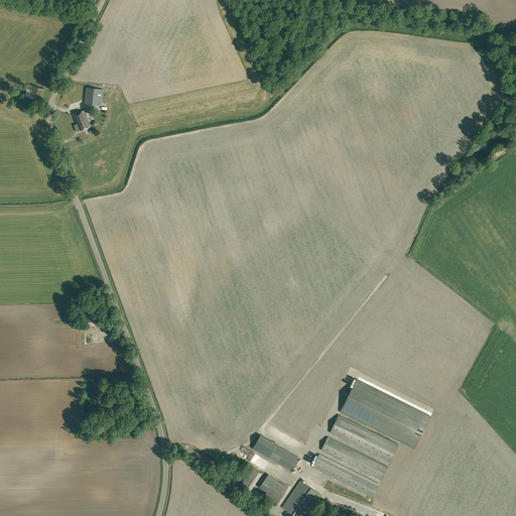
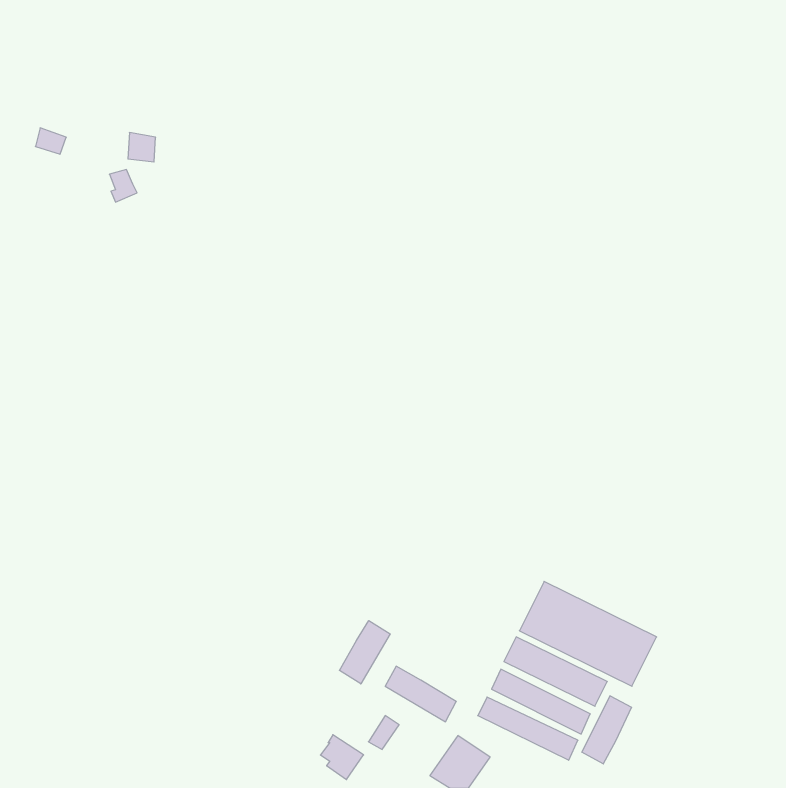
building: none -> [339,621,390,684]
building: none -> [582,696,632,764]
building: [259,475,287,504] -> [320,735,364,780]

